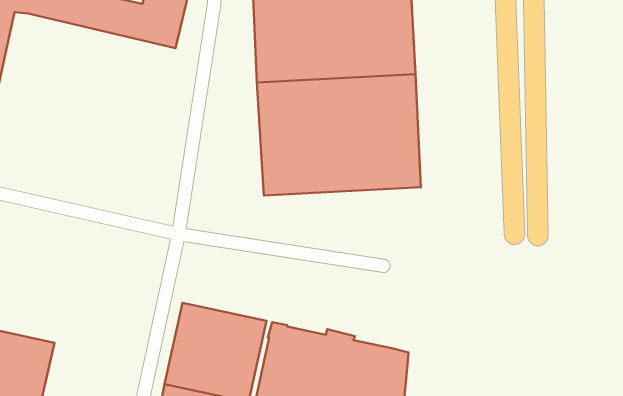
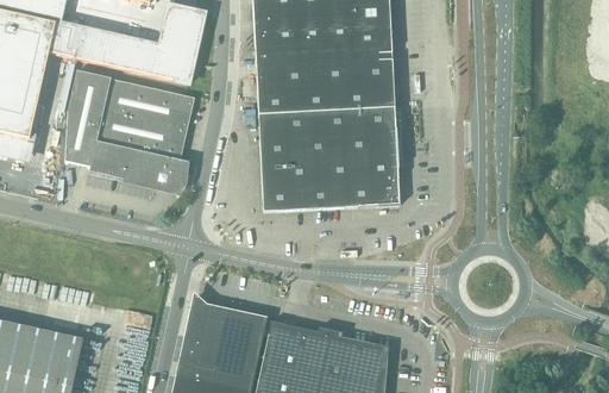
building: none -> [64,70,194,186]

